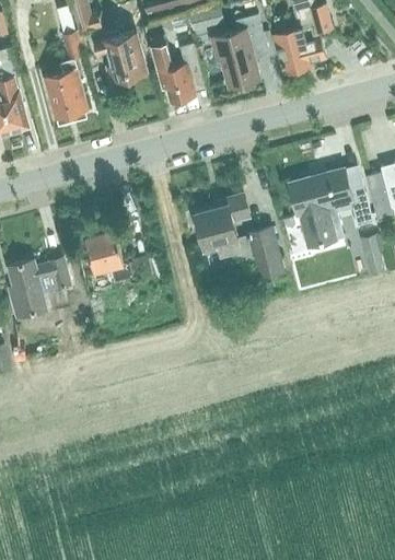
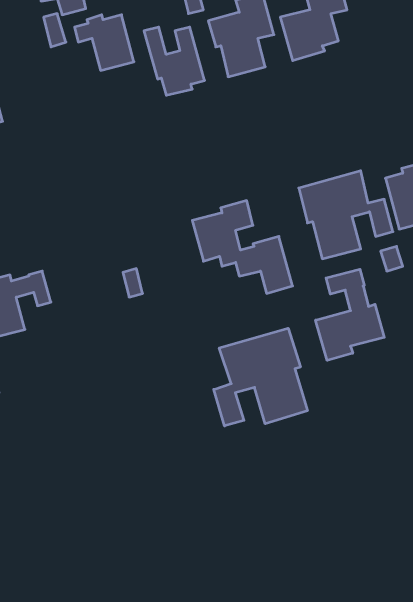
building: [44,66,88,122] -> none
building: [84,230,133,281] -> none
building: none -> [316,269,384,360]
building: none -> [214,328,307,426]

